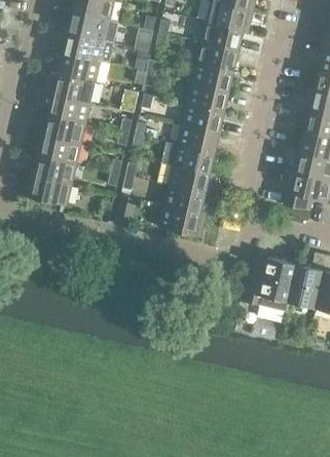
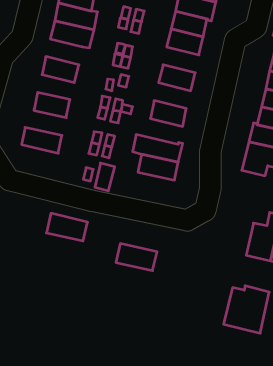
building: [58,52,100,82] -> none
building: [192,62,233,91] -> none
building: [48,93,90,122] -> none
building: [182,103,224,132] -> none
building: [34,132,81,163] -> none
building: [161,142,215,174] -> none
building: [25,174,72,205] -> [46,213,88,241]
building: [158,205,206,236] -> [116,244,157,271]
building: [244,257,296,311] -> [224,286,269,333]

